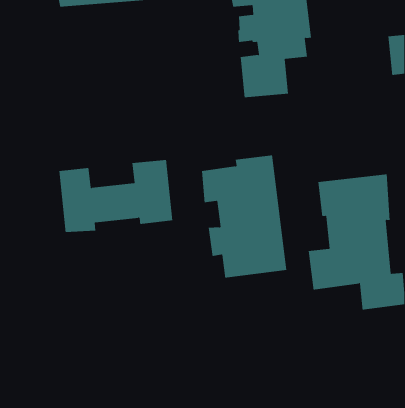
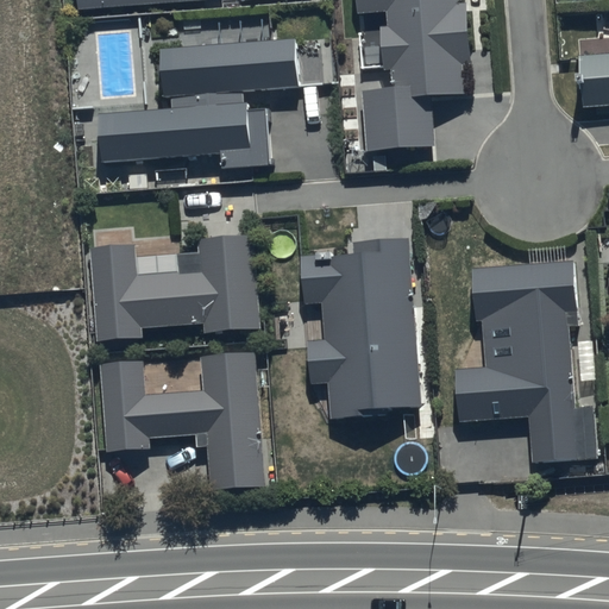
building: none -> [93,33,328,165]
building: none -> [102,360,271,496]

